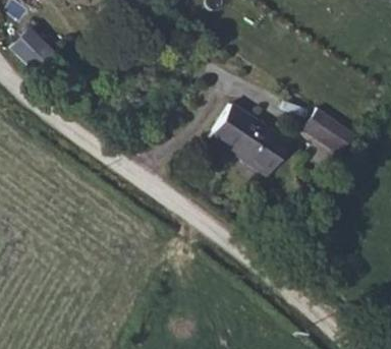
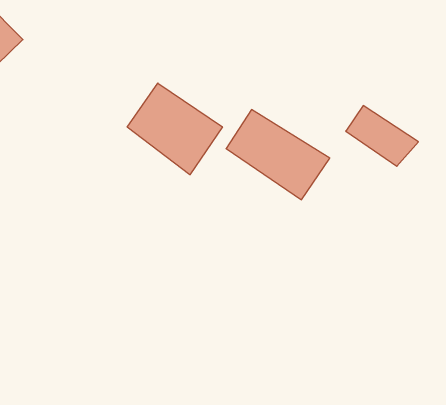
building: none -> [127,83,222,175]

